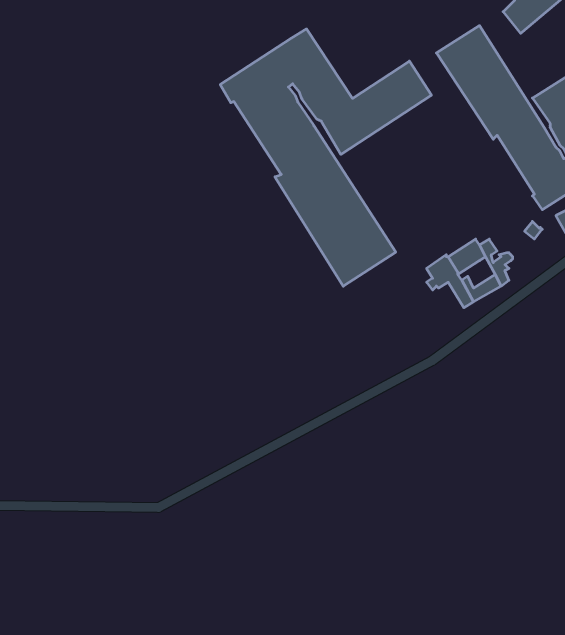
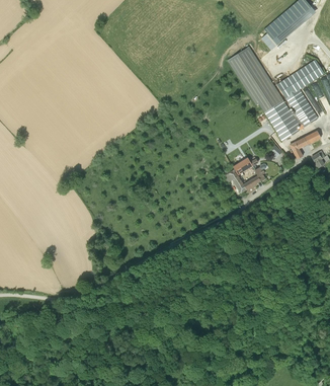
building: [220,29,431,286] -> none

